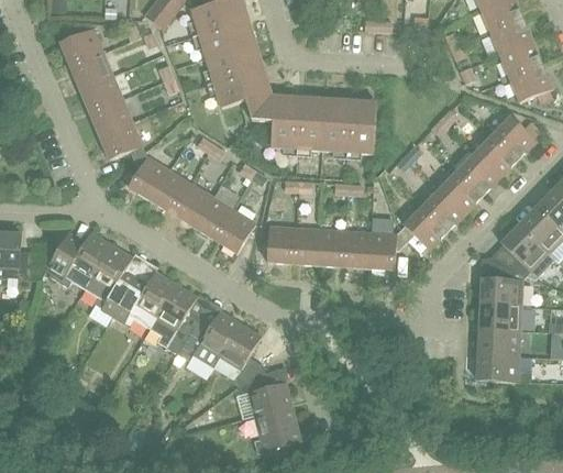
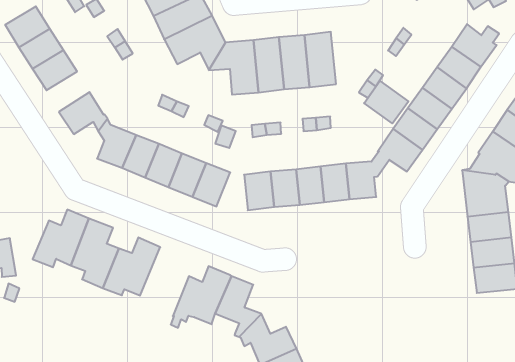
building: [89,98,131,134] -> none
building: none -> [364,81,408,123]
building: [147,283,198,352] -> none

